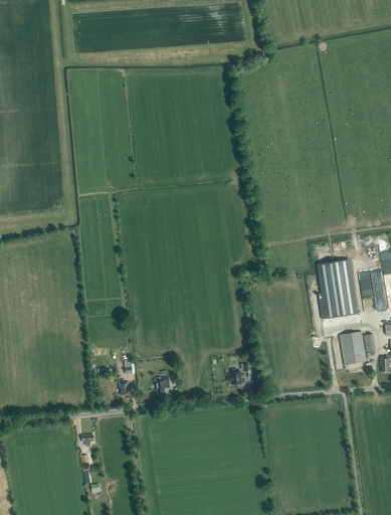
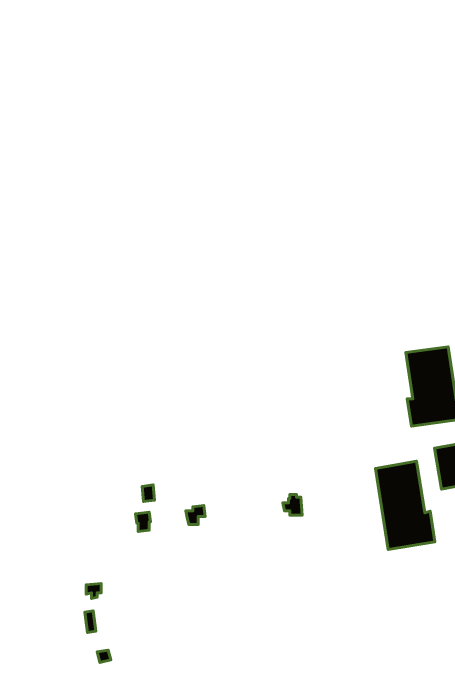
building: none -> [375,461,435,550]

